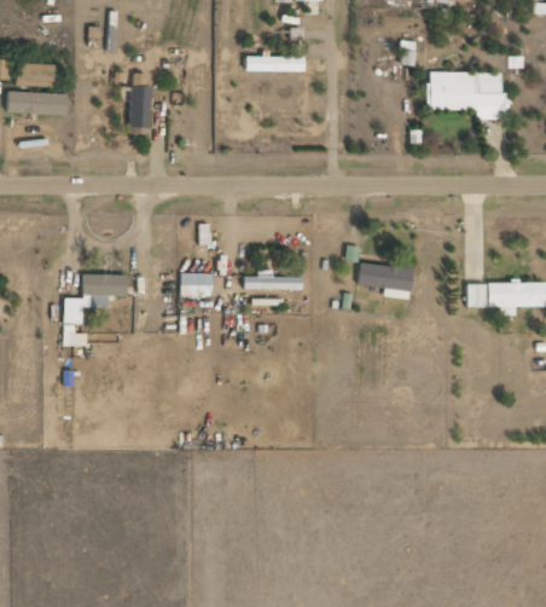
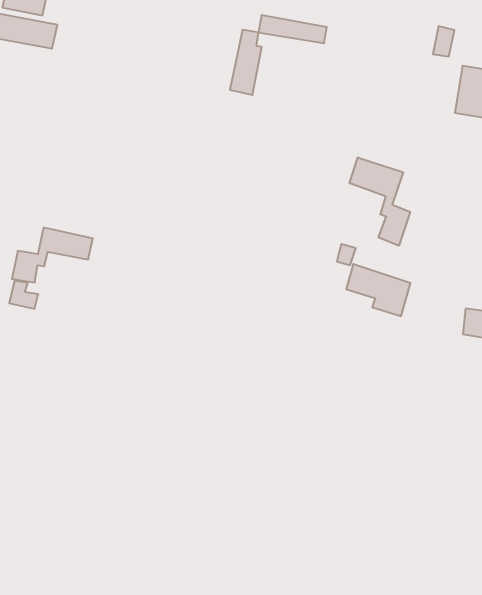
building: [129,74,151,129] -> [230,30,262,95]
building: none -> [350,157,410,246]
building: [244,270,302,289] -> none
building: [180,272,213,297] -> none

